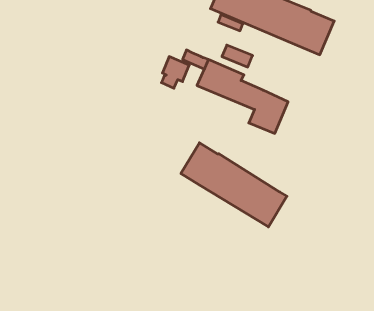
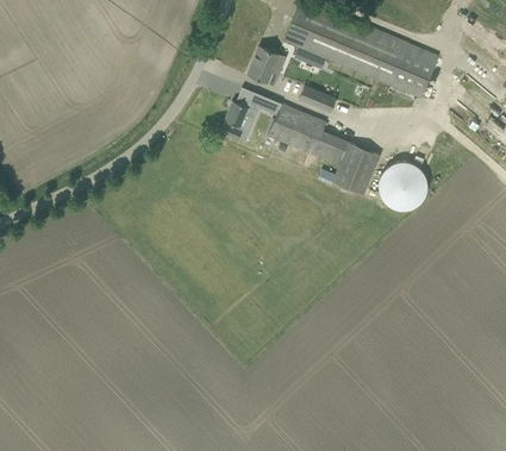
building: none -> [246,45,286,84]
building: none -> [370,156,429,214]
building: [181,143,287,227] -> none

